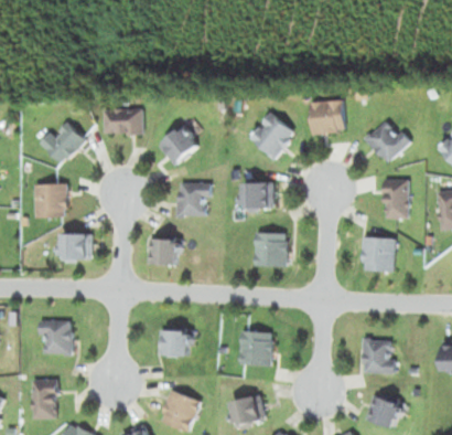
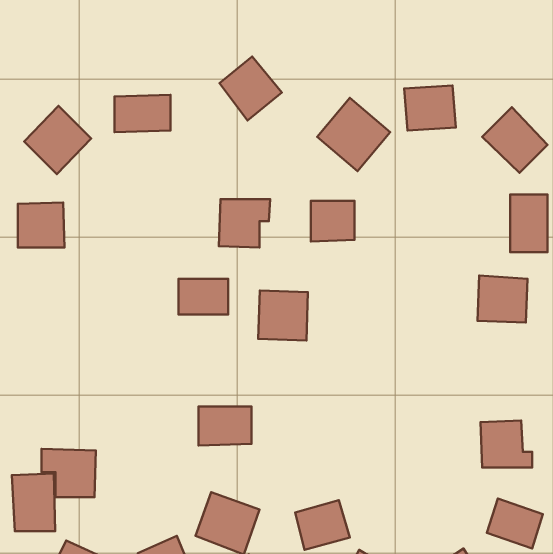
building: [157,123,201,168] -> [219,57,282,120]
building: [251,232,287,267] -> [258,290,308,340]
building: [63,233,96,259] -> none
building: [37,318,76,352] -> [41,449,96,497]
building: [240,331,275,364] -> none

